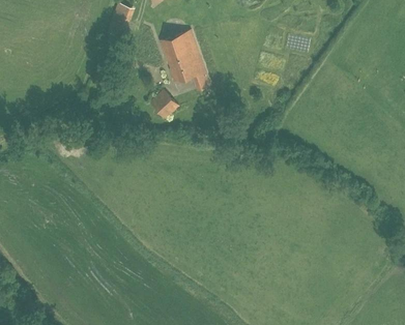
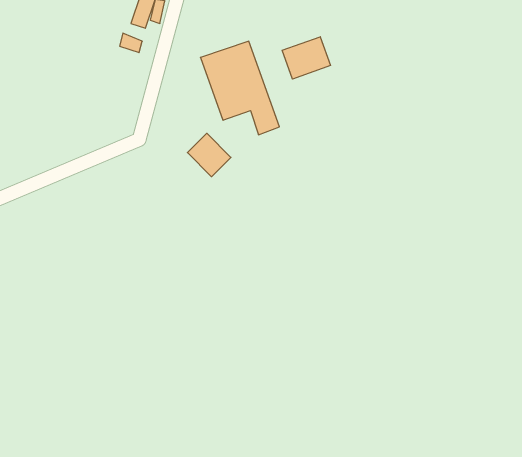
building: none -> [282,37,331,79]

